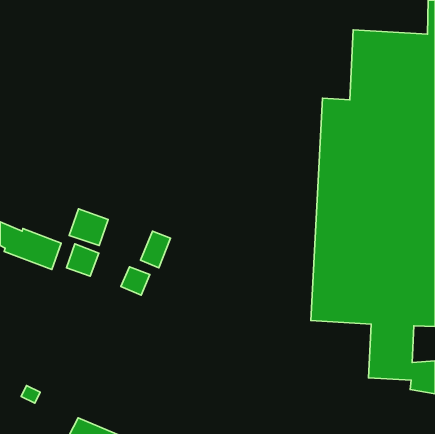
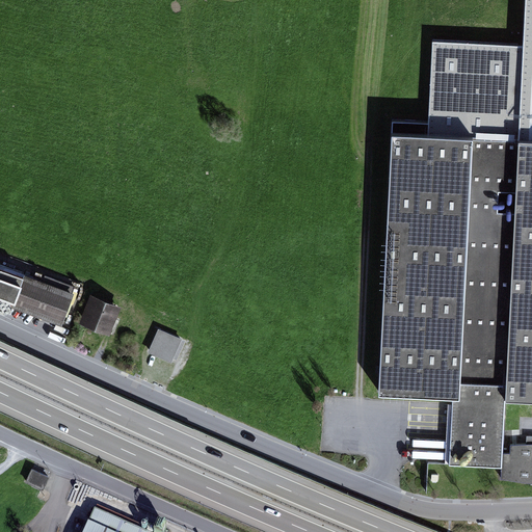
building: [69,209,108,245] -> none
building: [140,231,170,268] -> none

